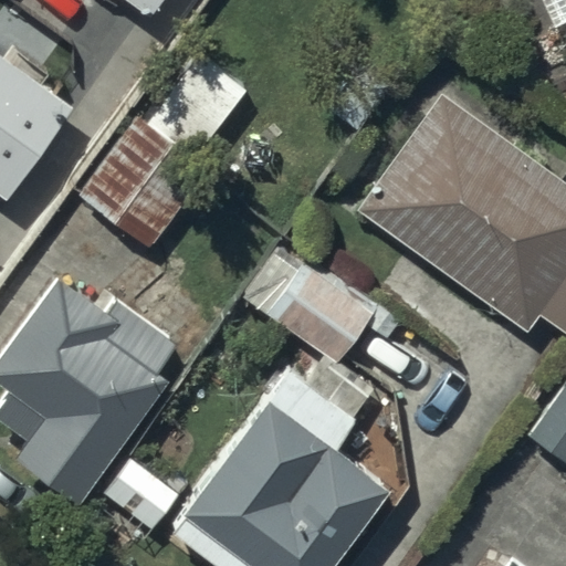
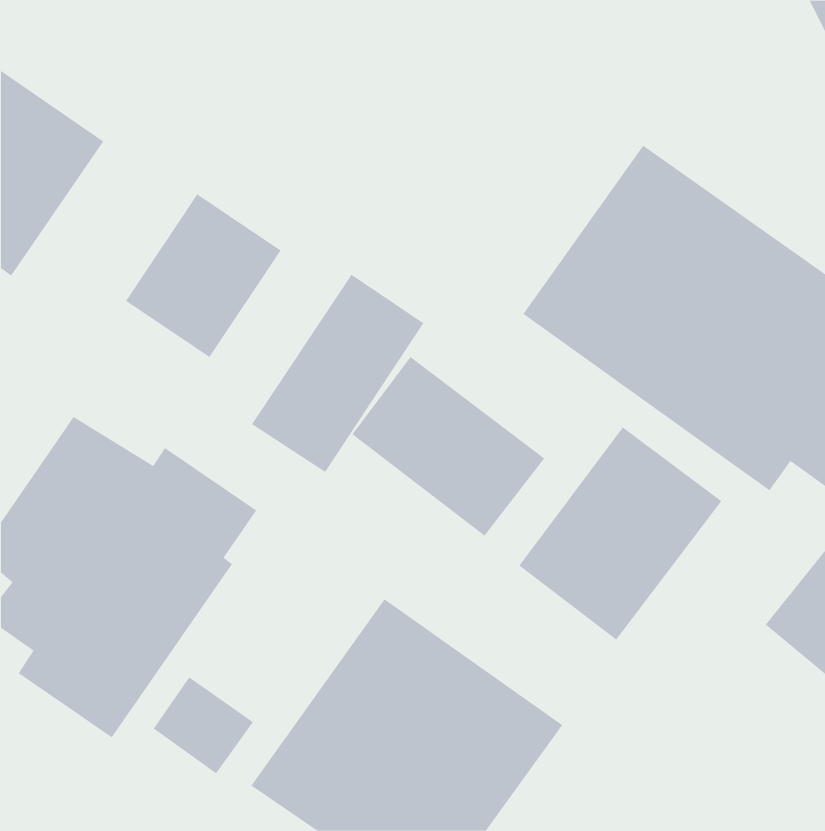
building: none -> [251,274,424,473]
building: none -> [519,426,722,641]

